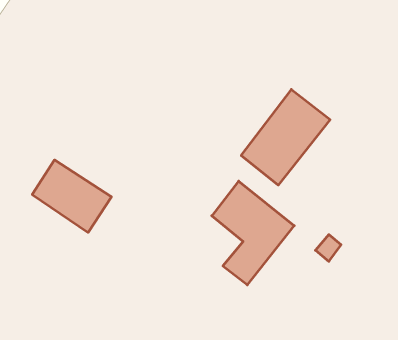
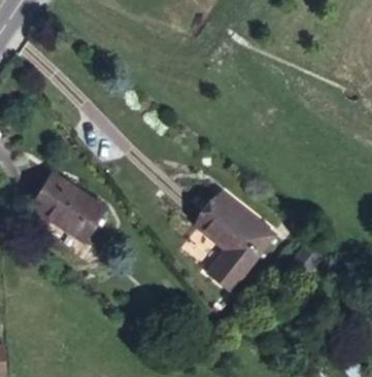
building: [241,89,330,185] -> none

